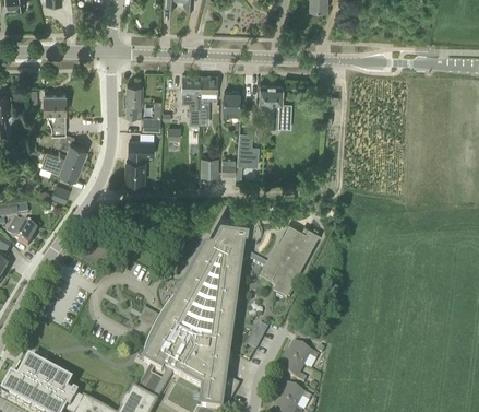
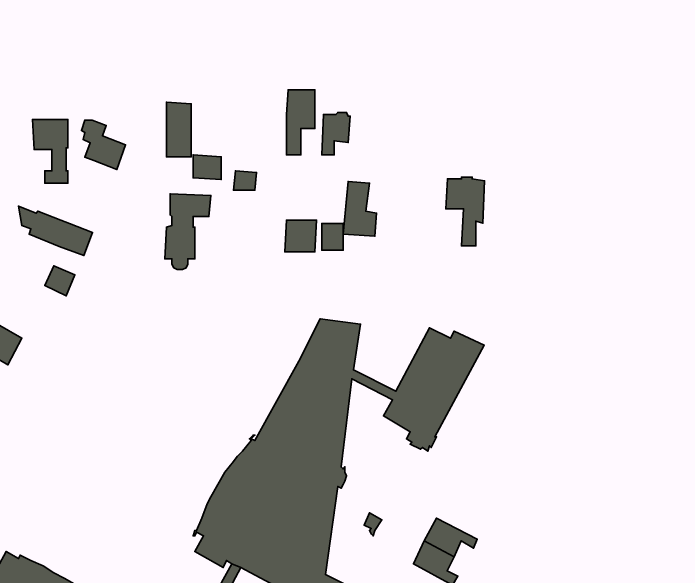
building: [181,72,202,120] -> none
building: [259,81,283,123] -> [446,177,485,246]
building: [59,131,86,162] -> [81,120,126,169]

